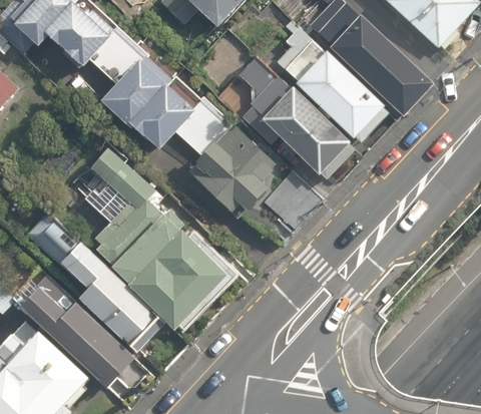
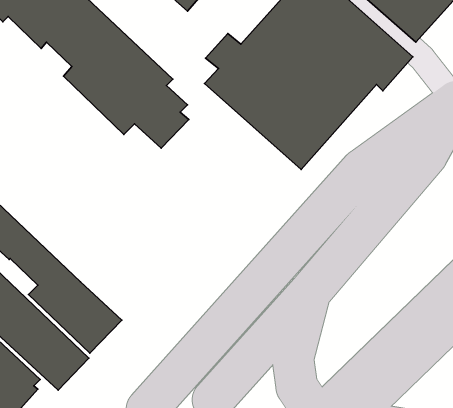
building: [191,115,322,241] -> none
building: [74,145,230,335] -> none

